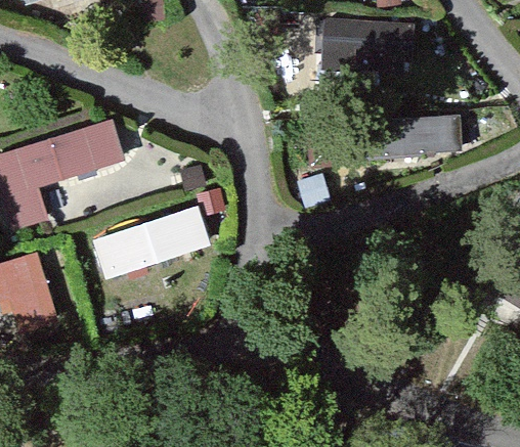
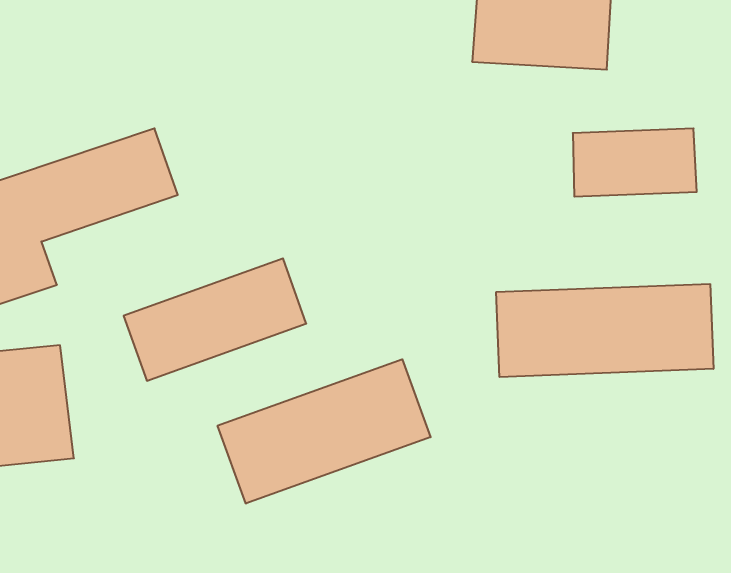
building: none -> [496,284,713,377]
building: none -> [218,359,431,504]

